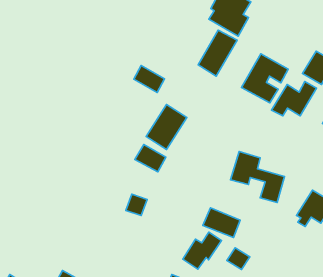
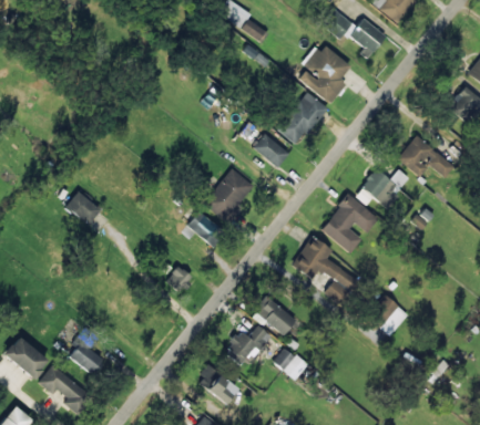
building: [242,54,288,103] -> [320,194,378,252]
building: [134,65,164,92] -> [254,133,289,167]
building: none -> [65,190,101,225]

